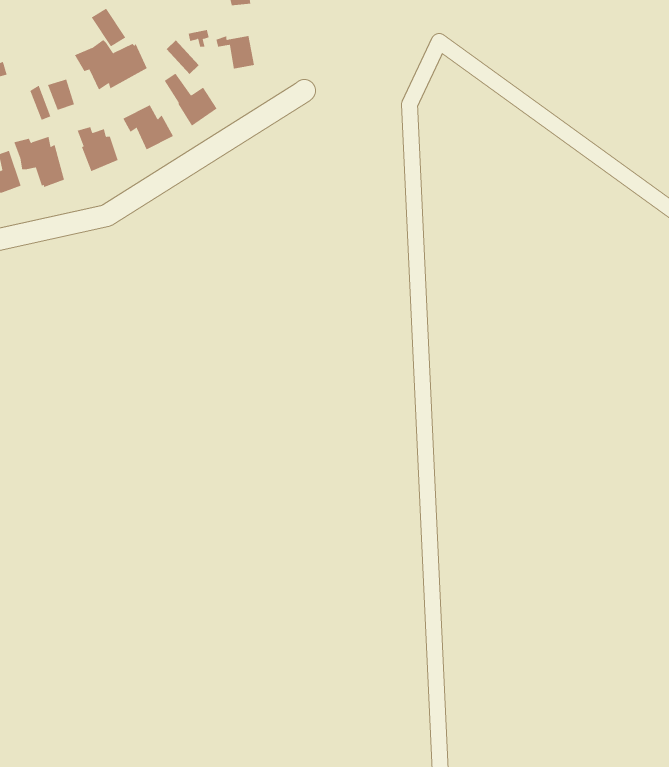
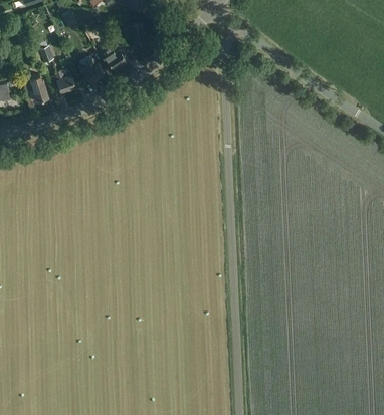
building: [74,39,147,90] -> none

